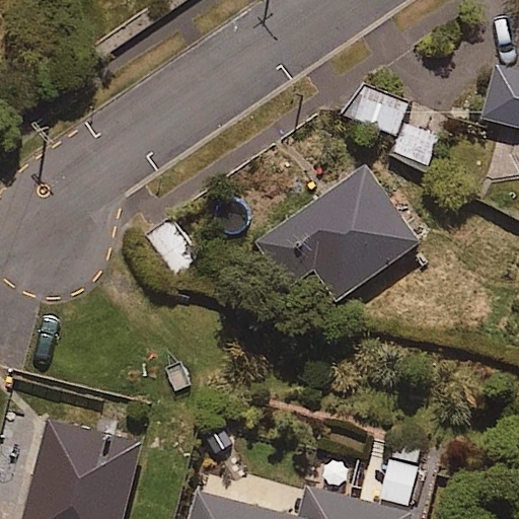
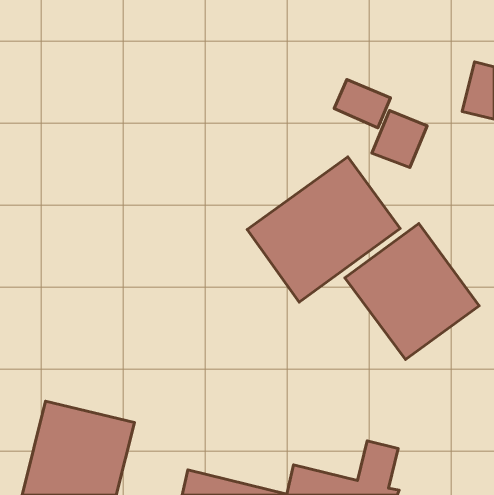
building: none -> [345,223,479,360]

